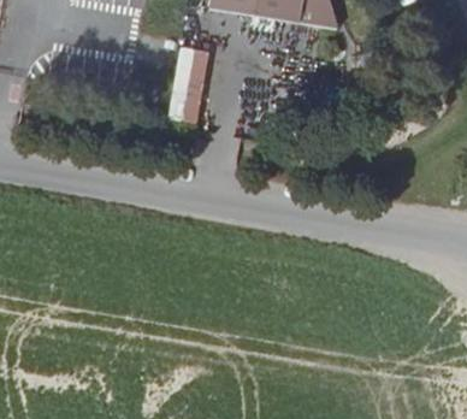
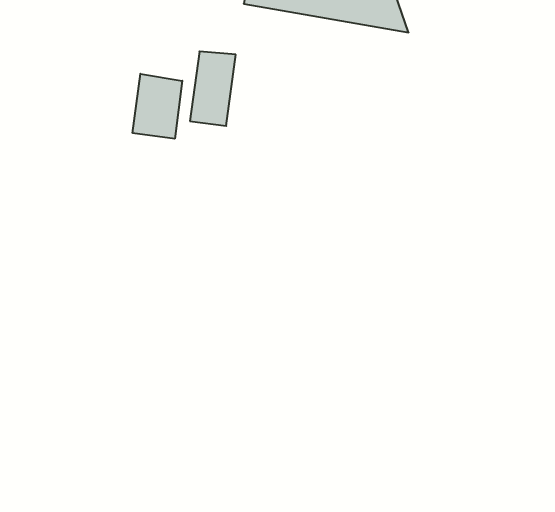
building: none -> [133,74,182,139]

